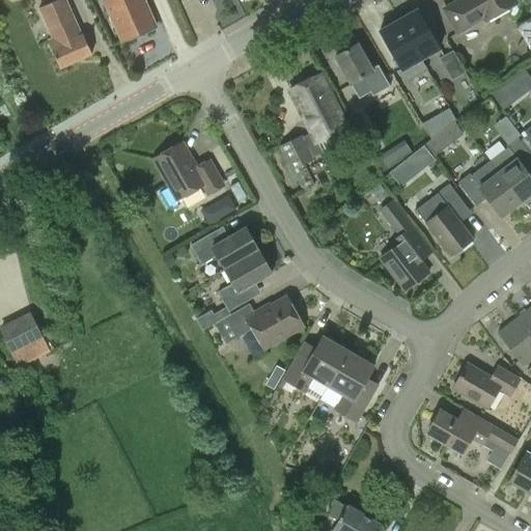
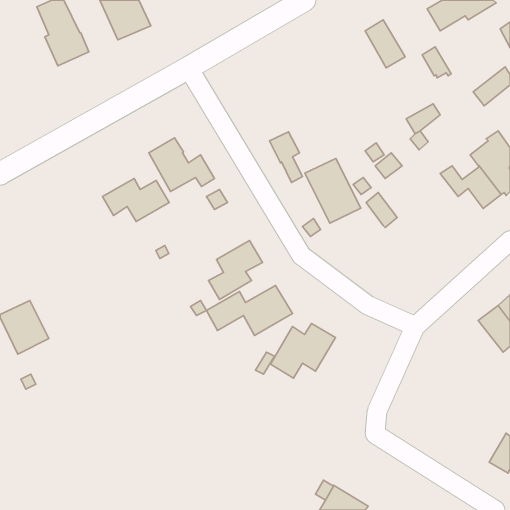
building: [398,9,441,59] -> none
building: [335,44,397,107] -> none
building: [289,75,347,142] -> [305,158,361,223]
building: [426,188,473,256] -> none
building: [190,225,259,270] -> [102,179,169,222]
building: [380,240,429,290] -> none
building: [328,351,380,423] -> none
building: [453,363,520,409] -> none
building: [427,410,518,453] -> none

